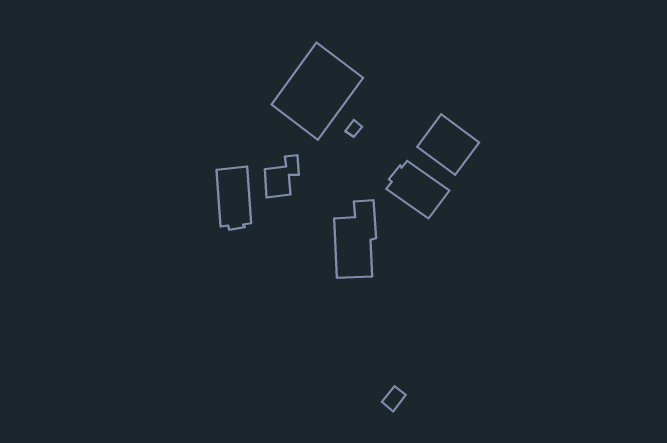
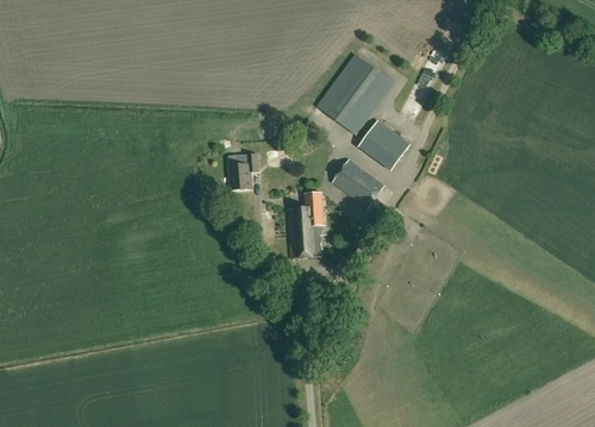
building: [271,43,363,140] -> [317,52,394,134]
building: [216,166,251,230] -> none

